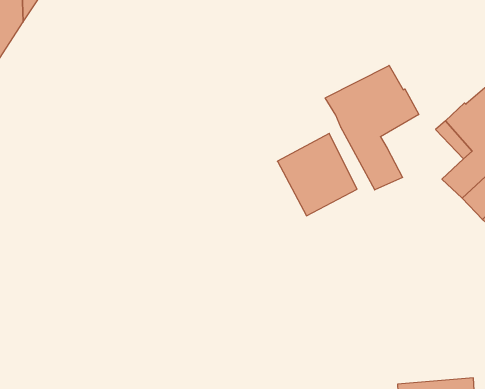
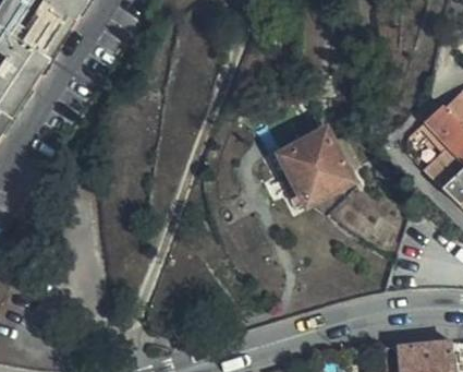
building: [325,65,419,190] -> none

